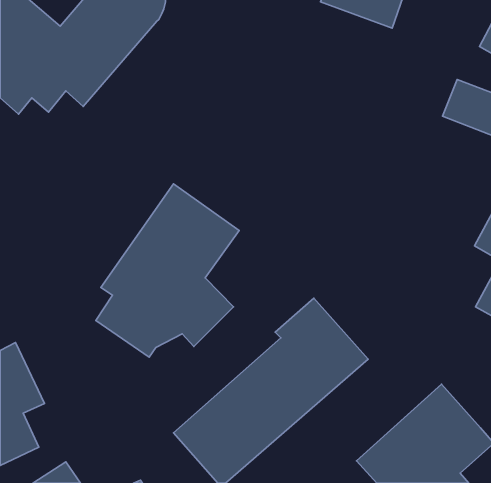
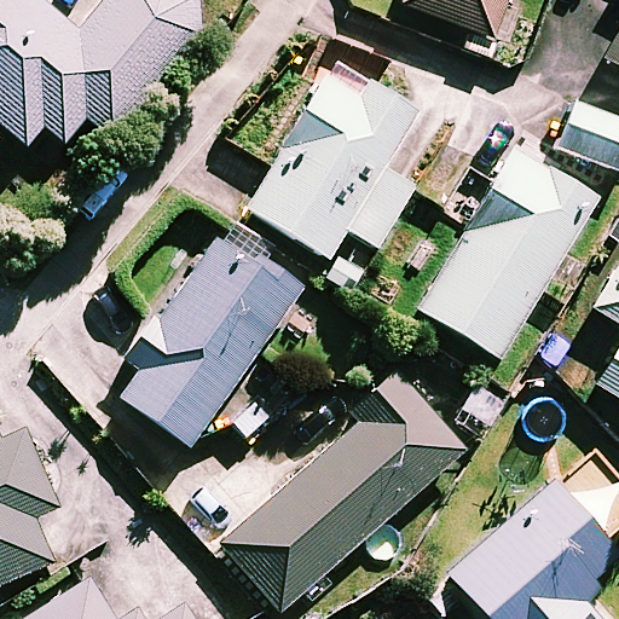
building: none -> [248,74,415,256]
building: none -> [417,151,596,359]

